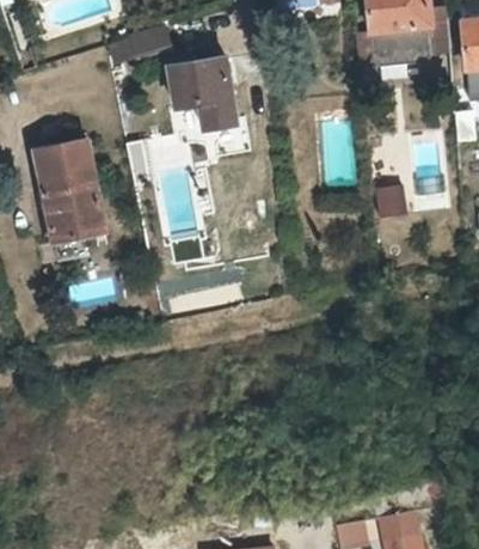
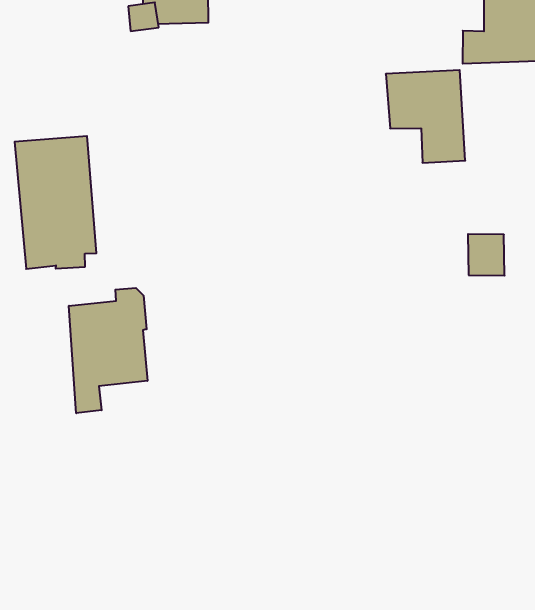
building: [170,59,234,129] -> [386,70,465,163]
building: none -> [69,288,147,413]

